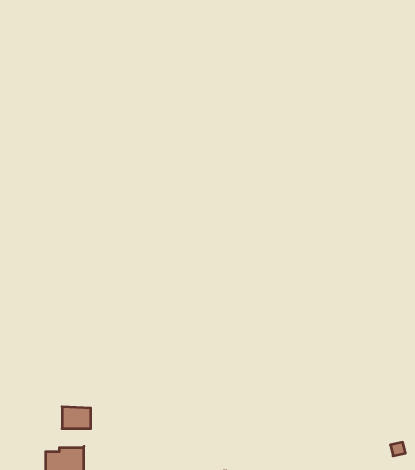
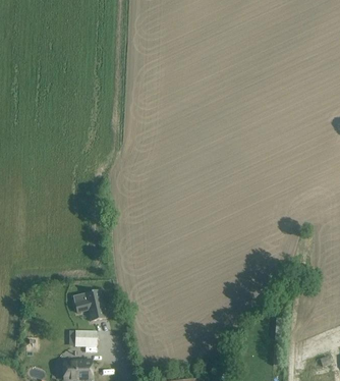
building: none -> [74,290,104,321]

